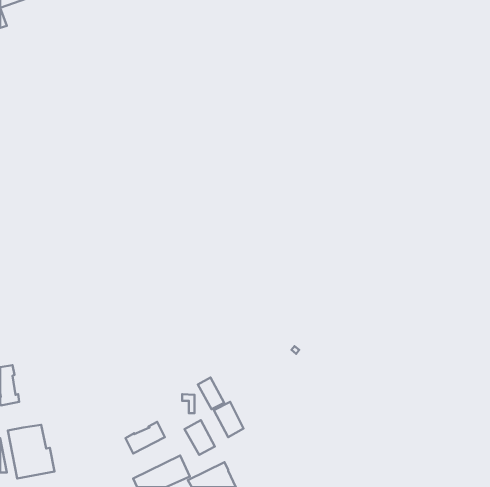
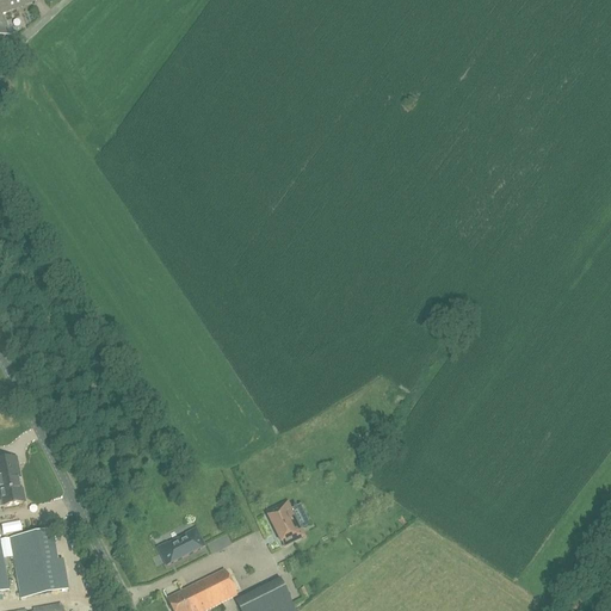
building: [198,378,224,409] -> none
building: [184,420,215,455] -> none

